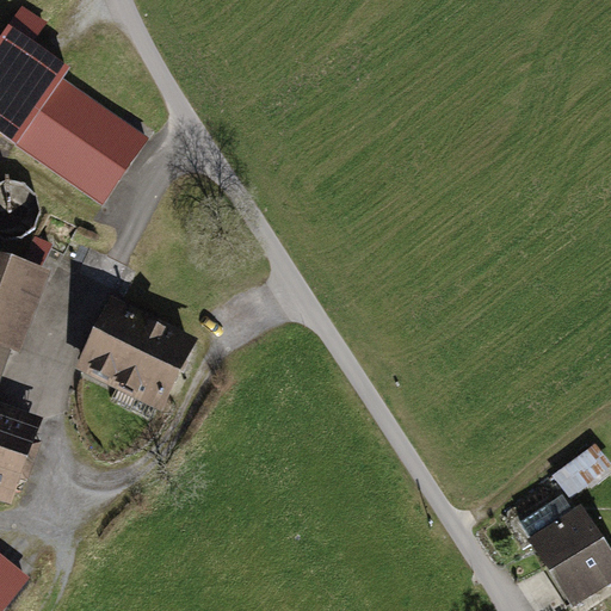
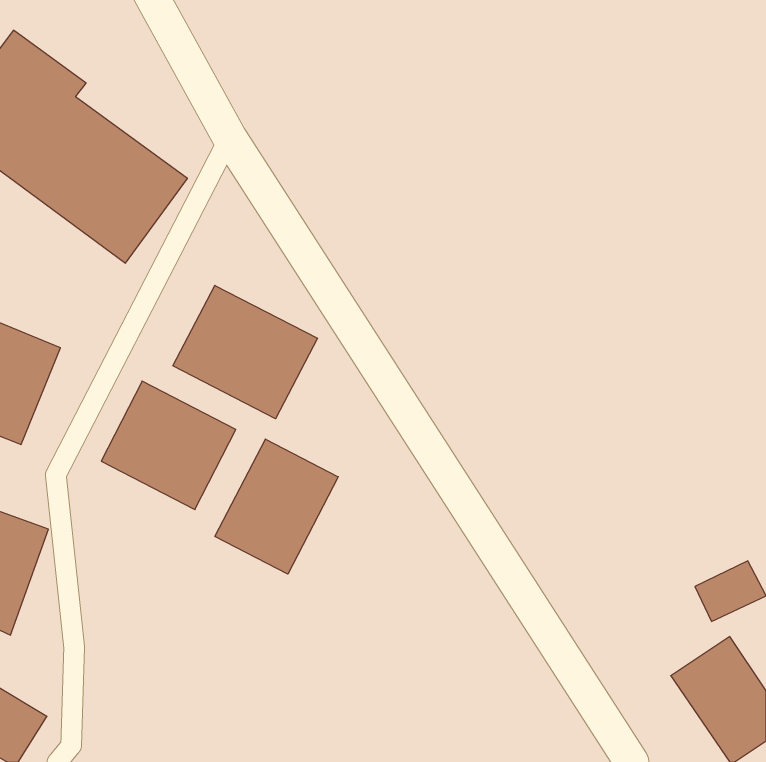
building: none -> [173,285,318,419]
building: none -> [215,439,338,574]

